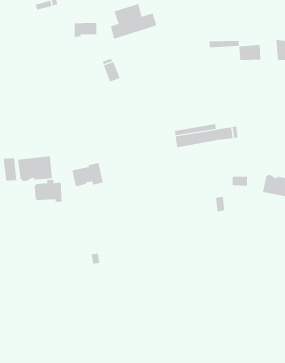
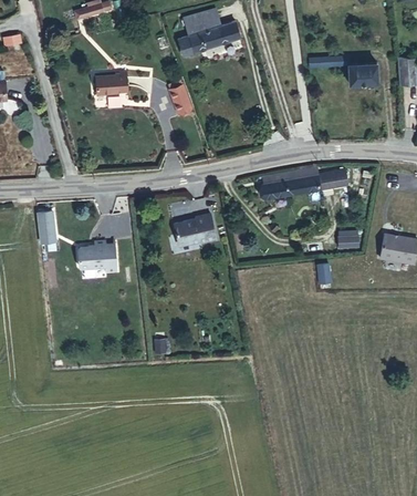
building: [74,22,97,37] -> [95,74,126,94]
building: [17,156,52,182] -> none
building: [71,162,103,187] -> [173,213,215,245]

